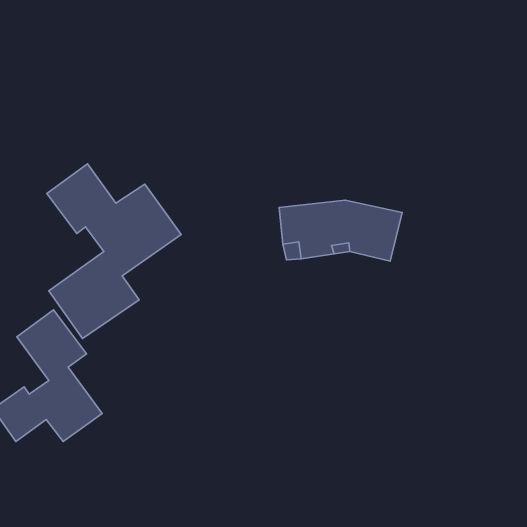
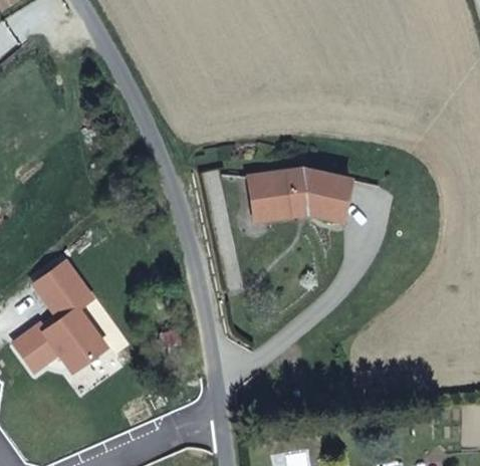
building: [47,164,181,339] -> none

